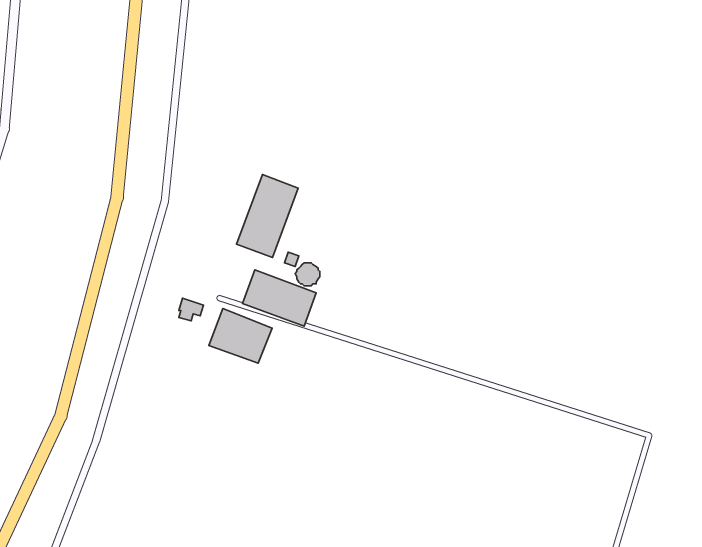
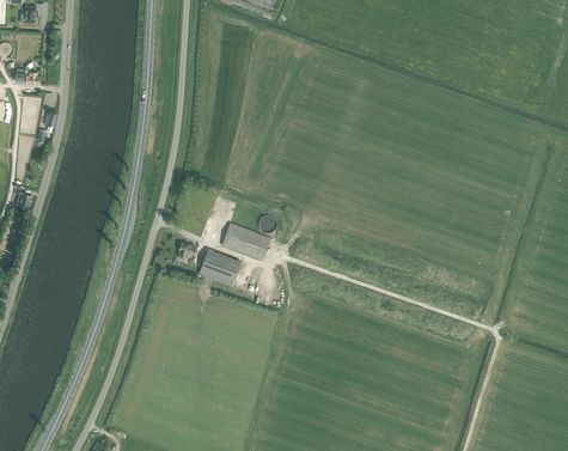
building: [237,175,298,258] -> none

